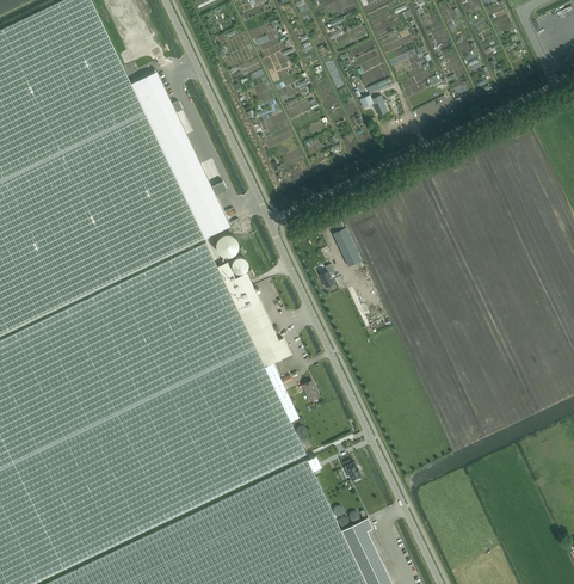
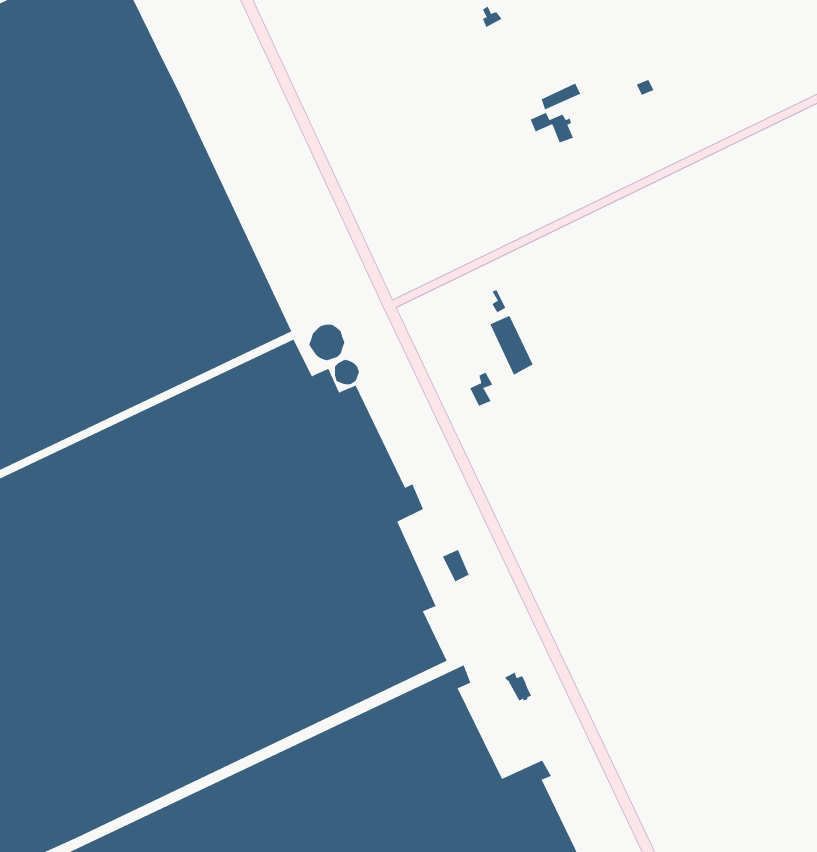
building: [129,72,228,239] -> none

